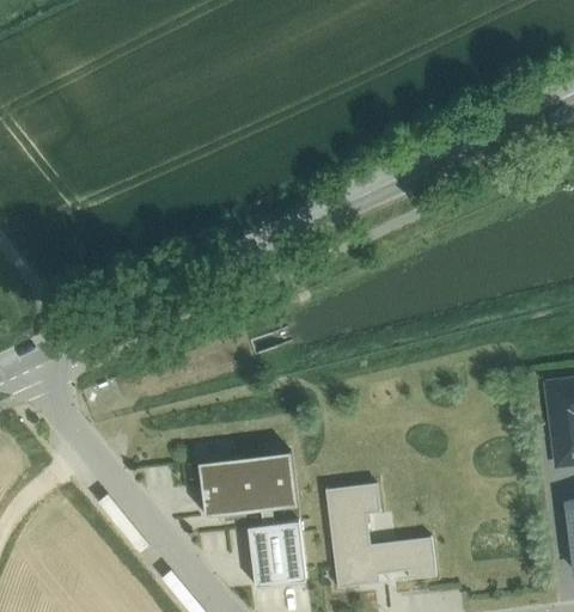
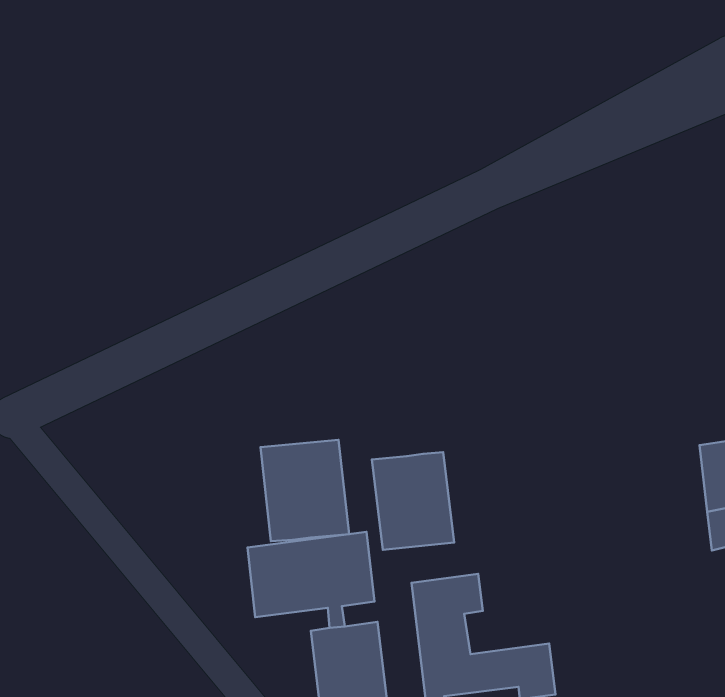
building: none -> [260,440,349,541]
building: none -> [372,452,454,550]

